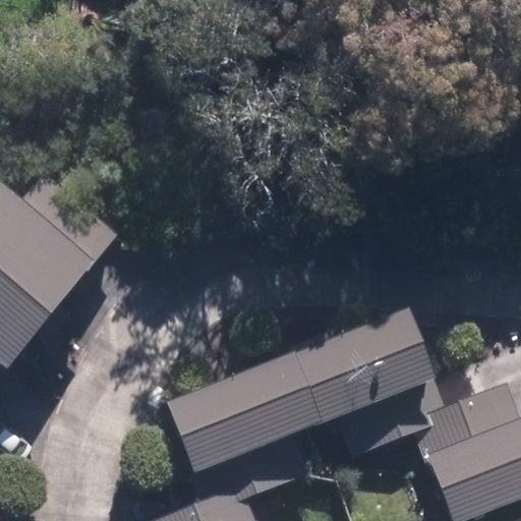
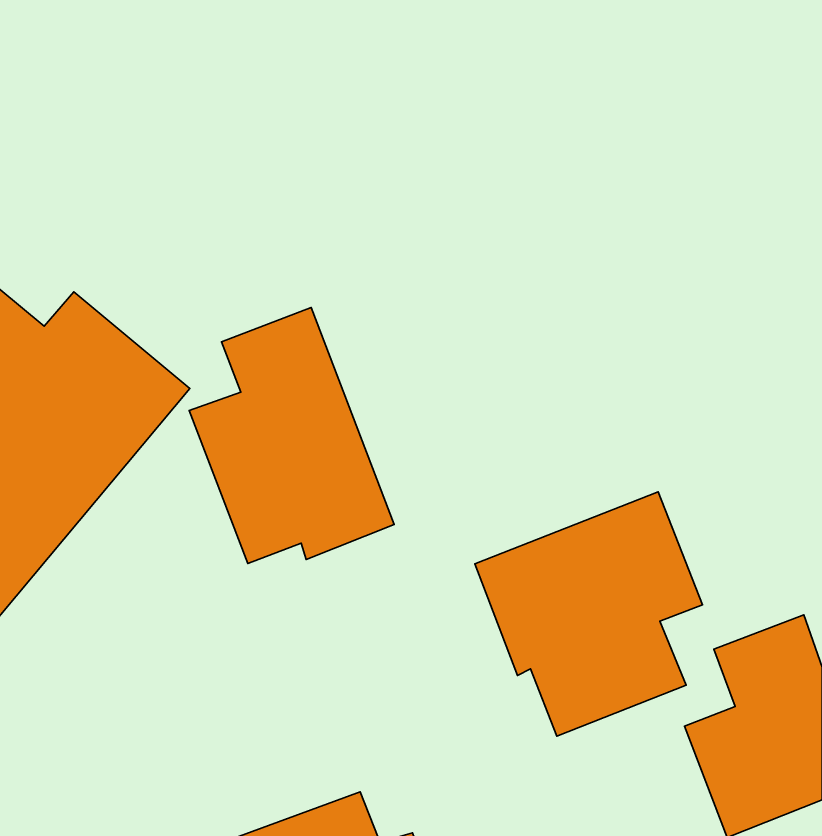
building: none -> [189,307,394,564]
building: [167,351,322,500] -> none

